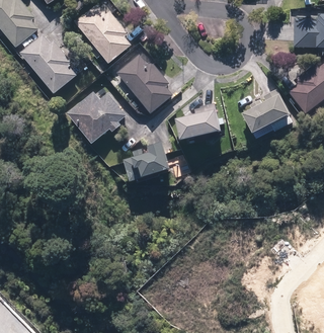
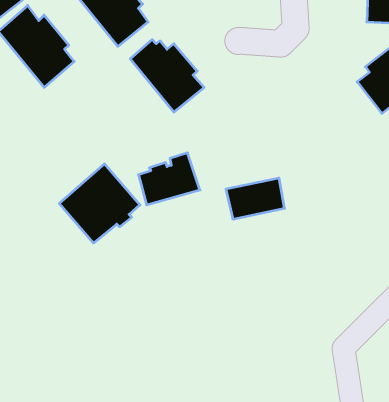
building: [66,84,126,143] -> [59,164,140,243]
building: [242,87,290,134] -> none
building: [176,110,220,141] -> [226,178,285,219]

